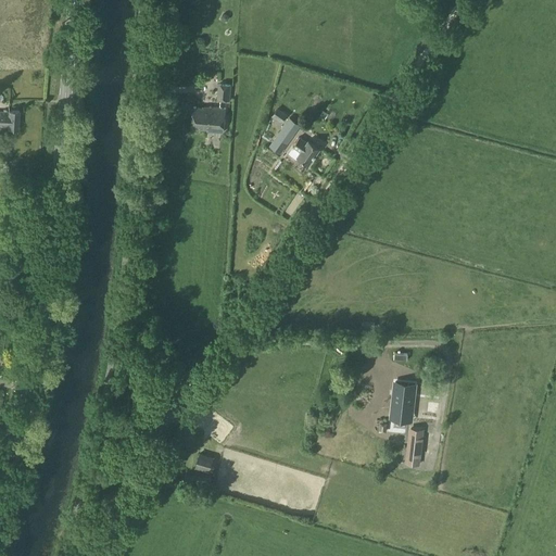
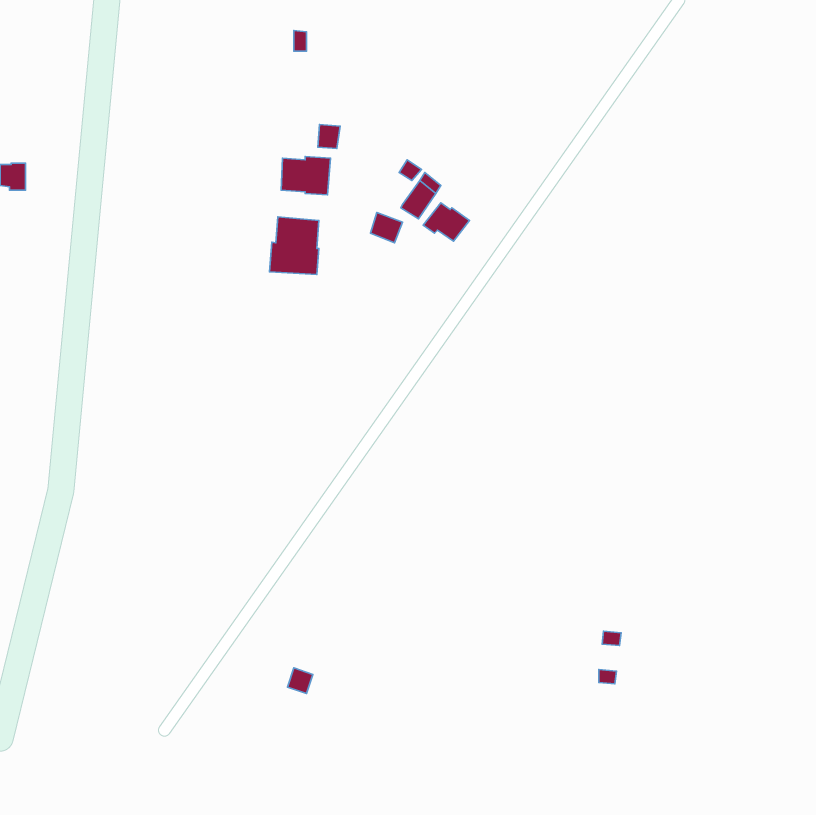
building: none -> [269,217,319,275]
building: [393,386,415,418] -> none

